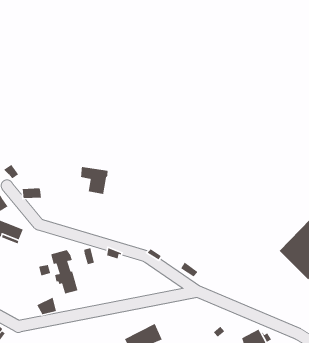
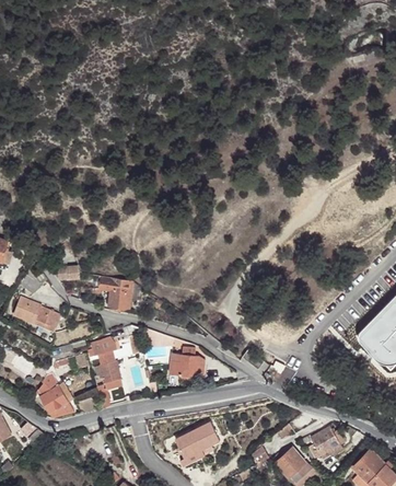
building: [80,166,109,195] -> [102,276,135,309]
building: none -> [167,348,197,381]
building: none -> [39,372,74,417]

